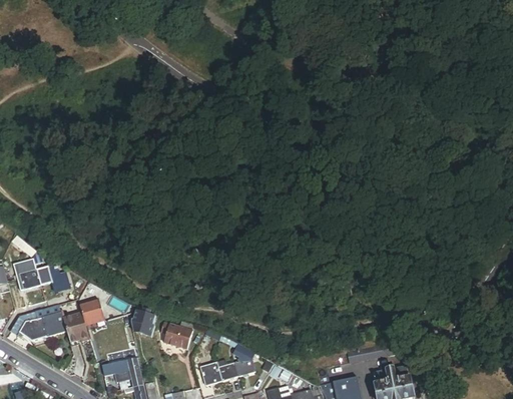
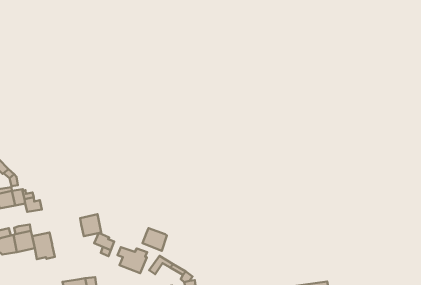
building: none -> [143,228,167,251]
building: [80,298,105,324] -> [80,214,101,236]

